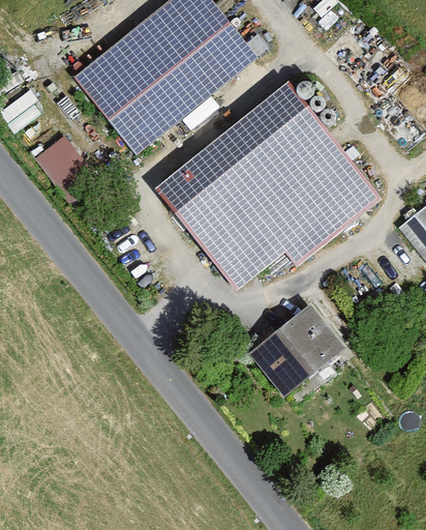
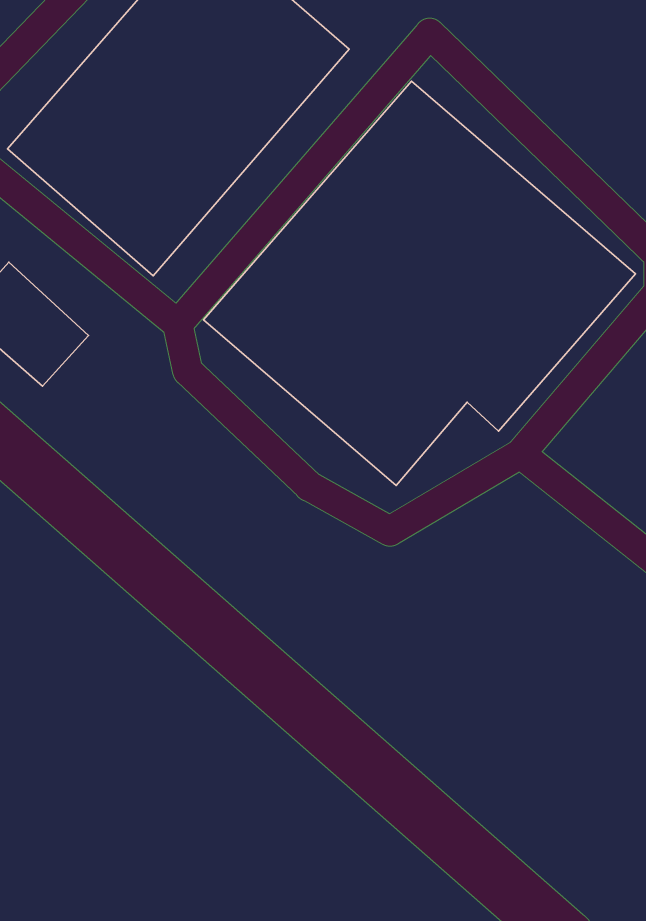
building: [250,302,345,394] -> none

